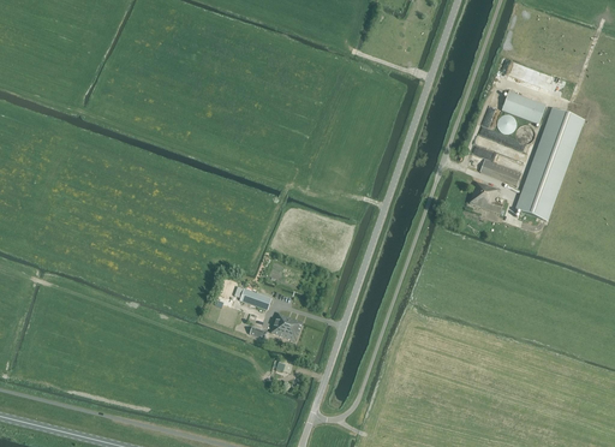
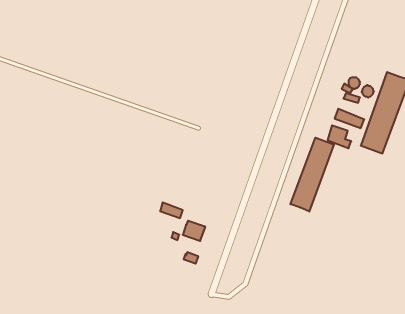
building: [500,91,544,124] -> none
building: none -> [290,138,334,212]

